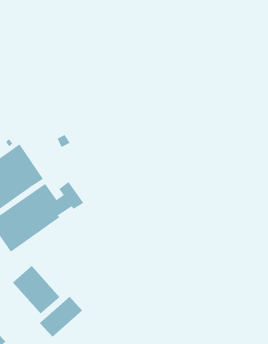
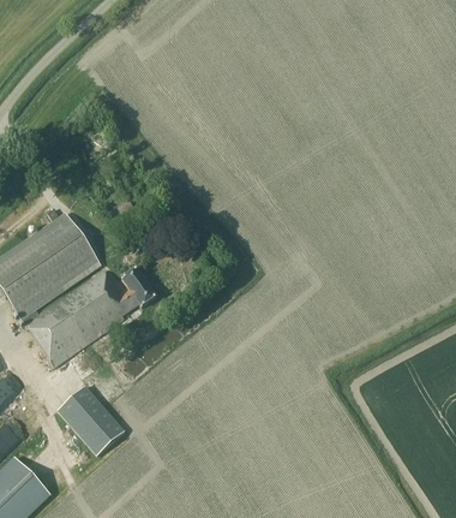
building: [39,296,83,338] -> none

